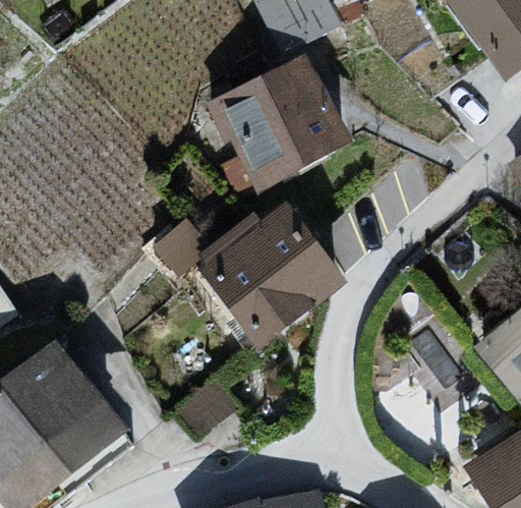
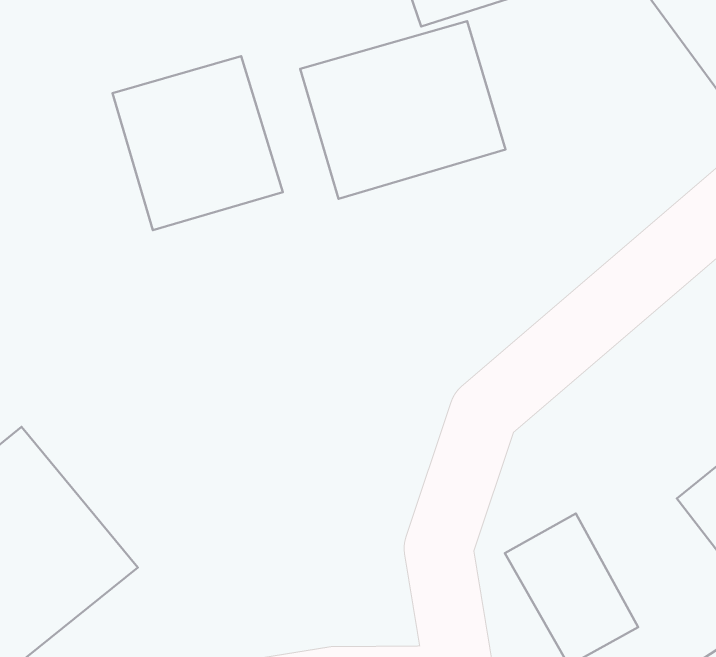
building: none -> [113,56,283,230]
building: [175,171,346,336] -> none

